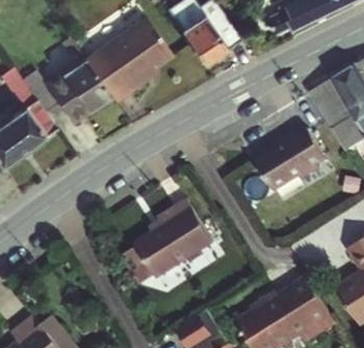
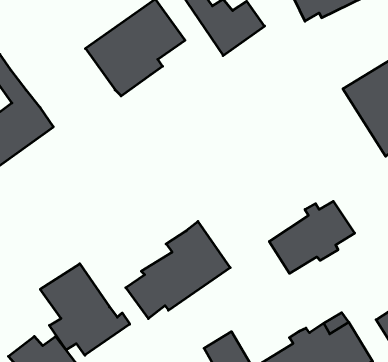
building: [19,43,109,117] -> none
building: [252,128,326,191] -> [269,201,355,273]
building: none -> [40,264,130,355]

